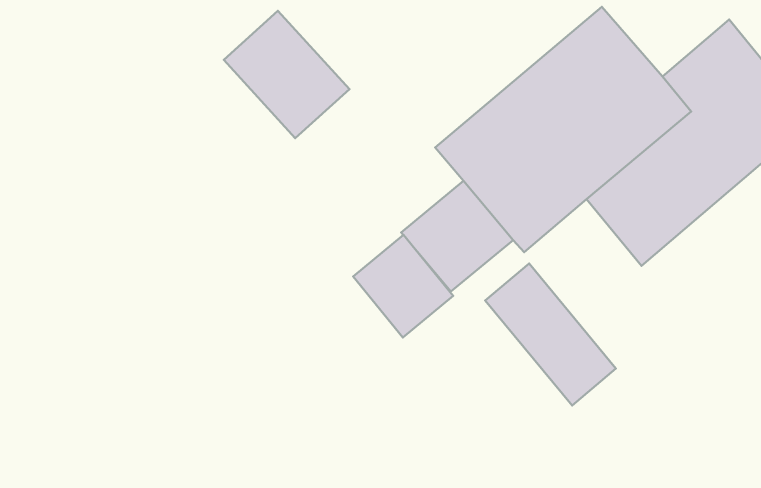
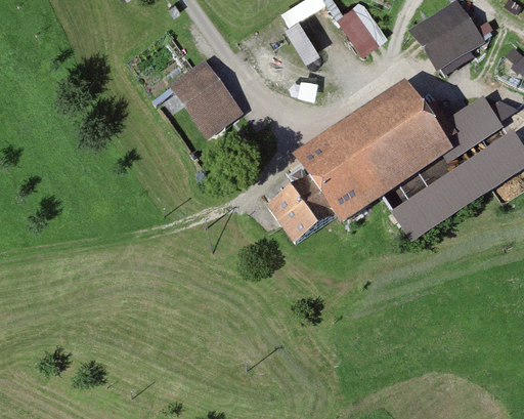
building: [353,235,453,337] -> none
building: [485,263,616,406] -> none

